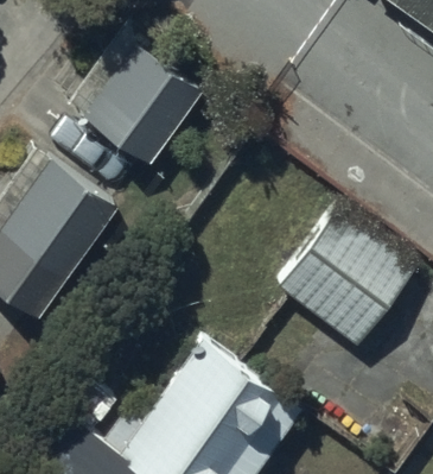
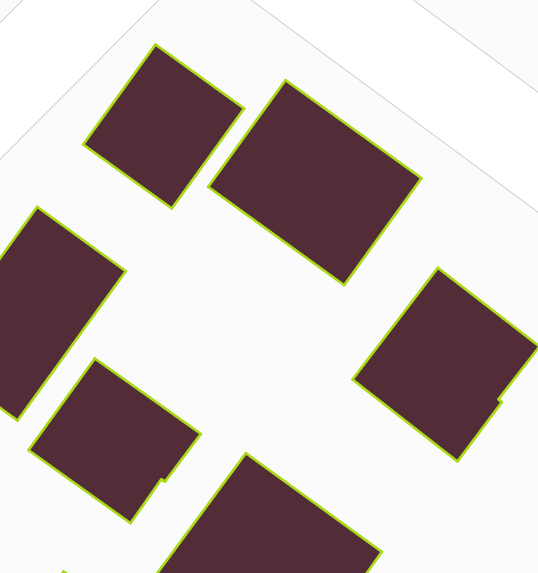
building: none -> [208,80,421,285]
building: none -> [29,359,201,523]

